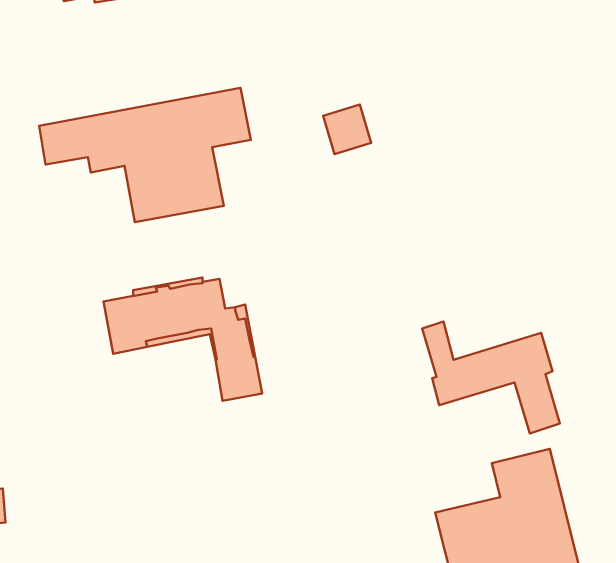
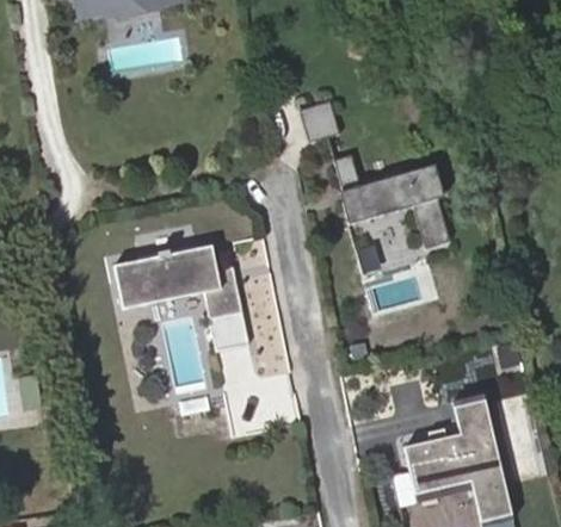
building: [39,88,251,222] -> none
building: [422,322,560,434] -> [332,155,448,249]

